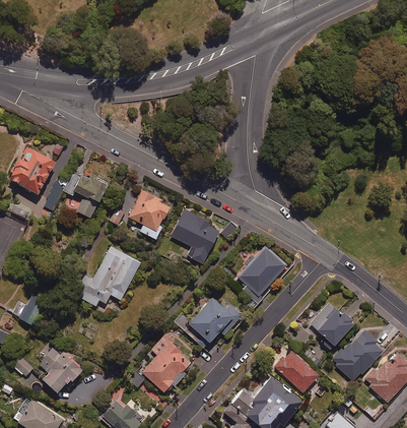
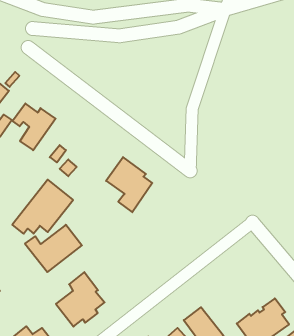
building: [128,190,171,240] -> none
building: [236,246,286,297] -> none
building: [174,297,232,349] -> [25,225,82,272]
building: [310,302,354,350] -> none

